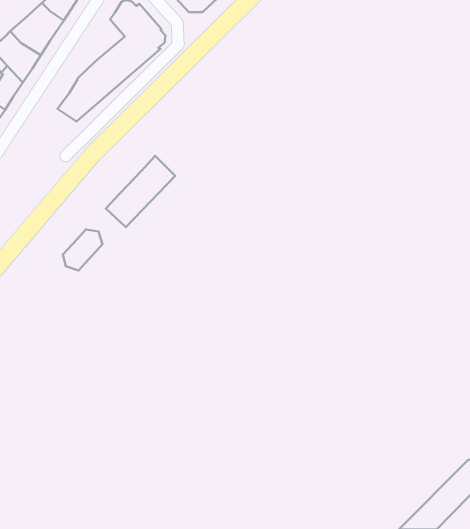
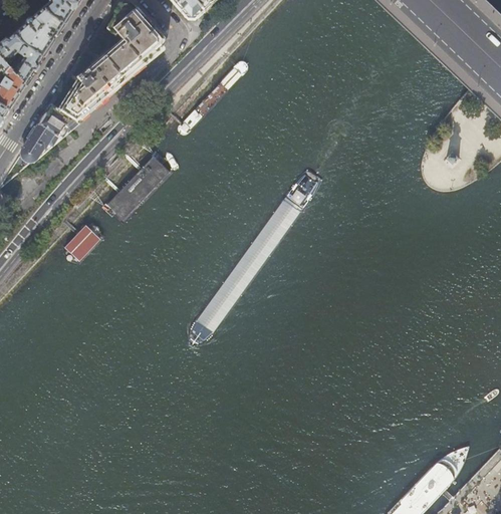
building: none -> [20,105,76,160]

